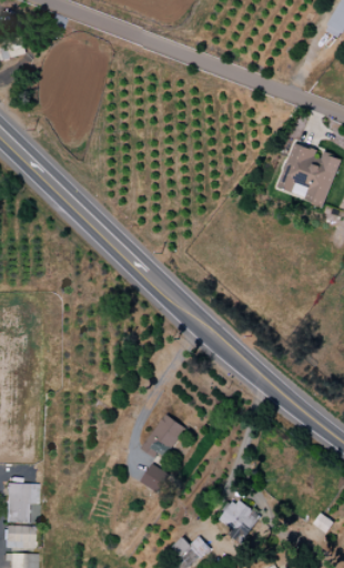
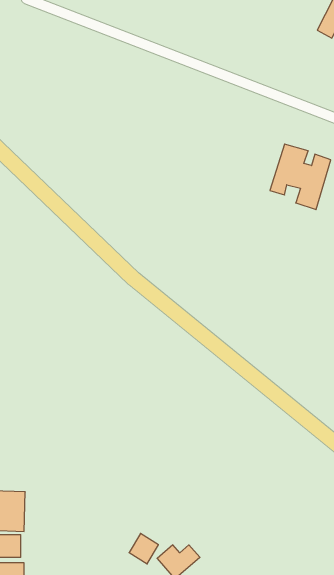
building: [143,413,185,459] -> none
building: [141,463,170,493] -> [129,533,158,564]
building: [220,498,261,544] -> none

